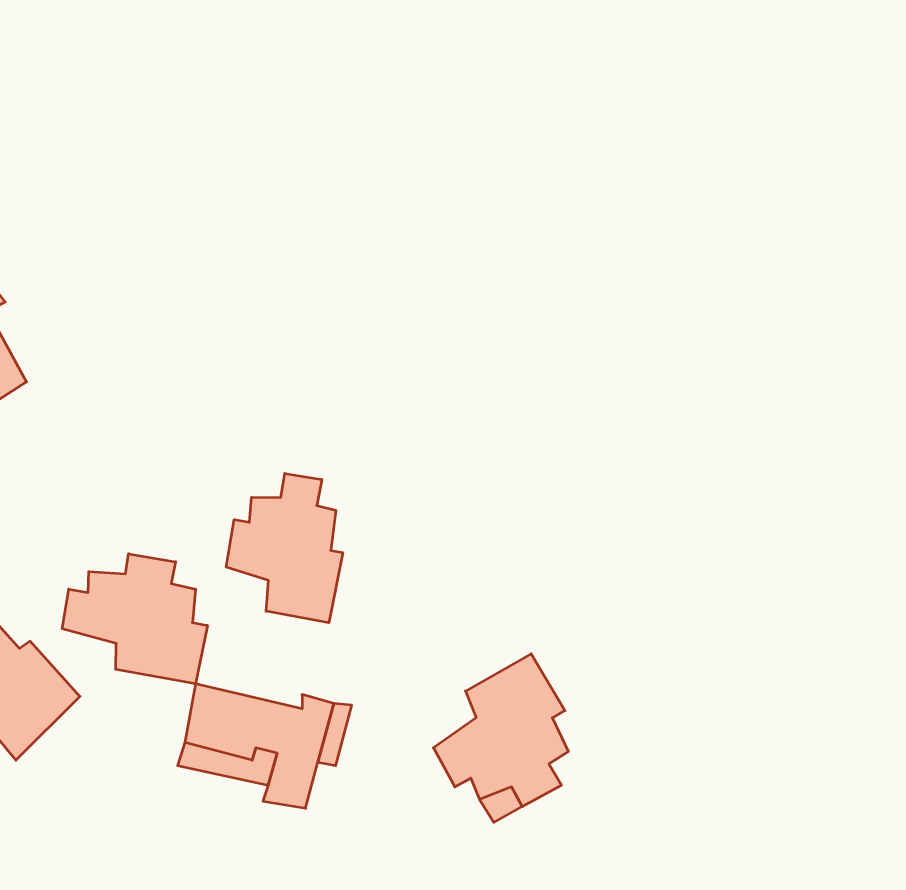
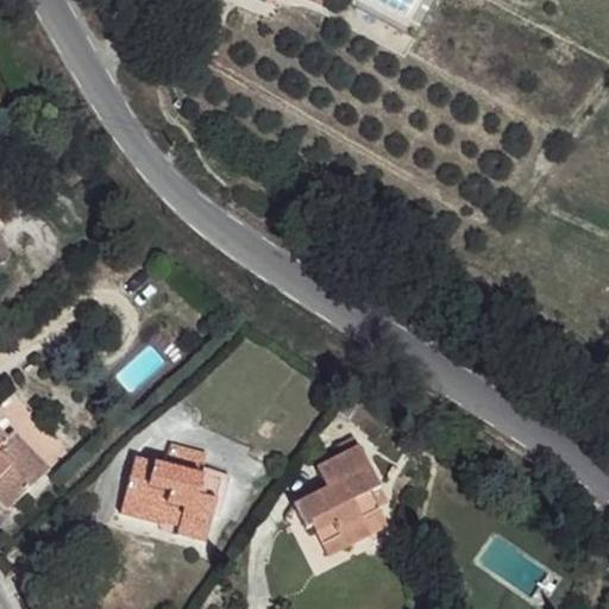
building: [226,473,343,623] -> none
building: [62,554,207,684] -> none

